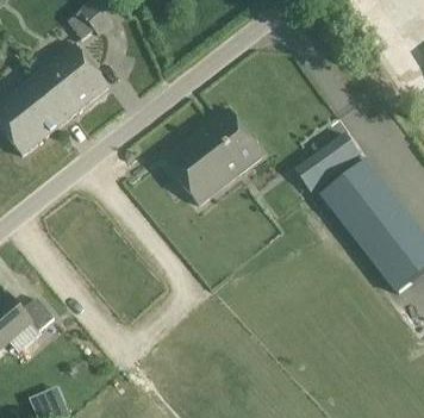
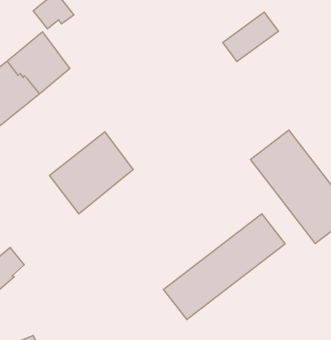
building: [164,108,263,205] -> [49,132,133,214]
building: [295,132,361,191] -> [223,12,278,62]
building: none -> [164,214,285,320]

